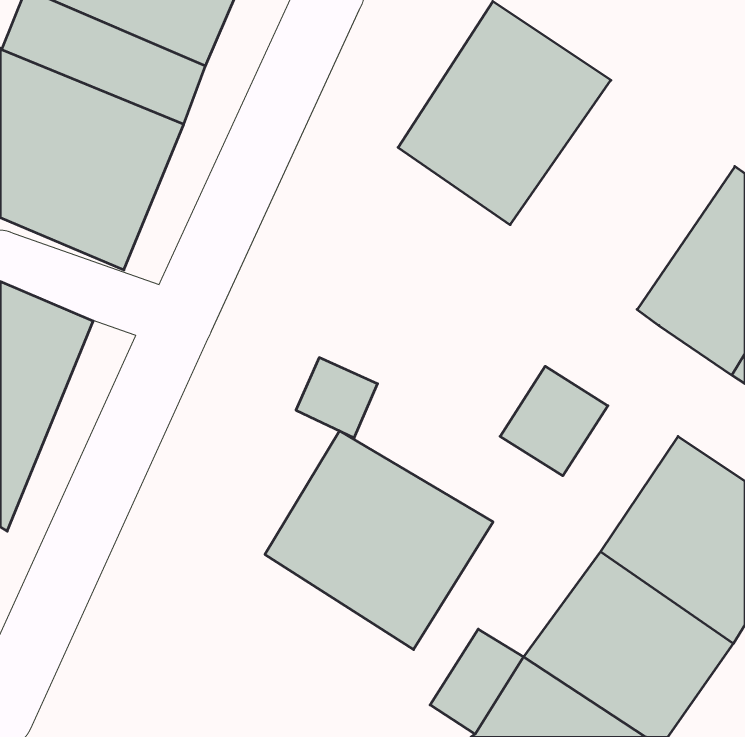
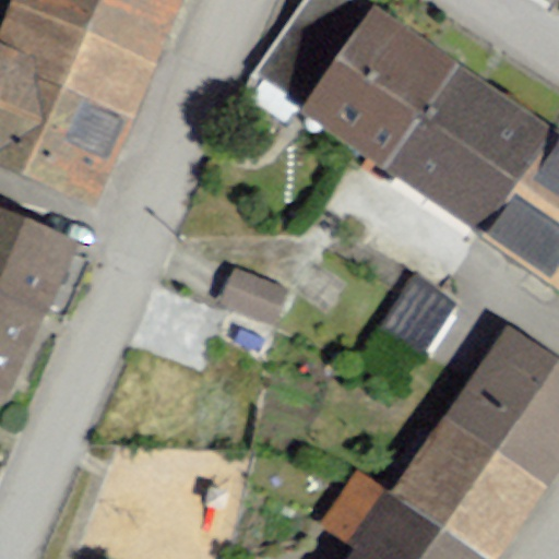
building: none -> [382,60,550,231]
building: [265,431,493,650] -> none

